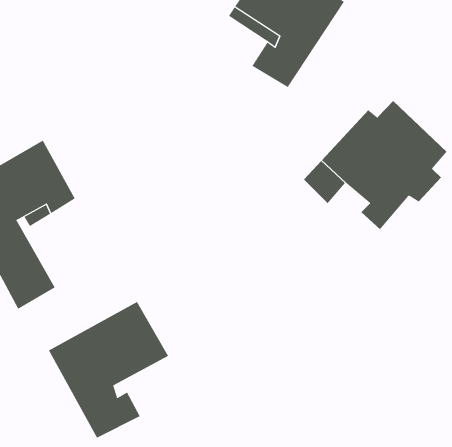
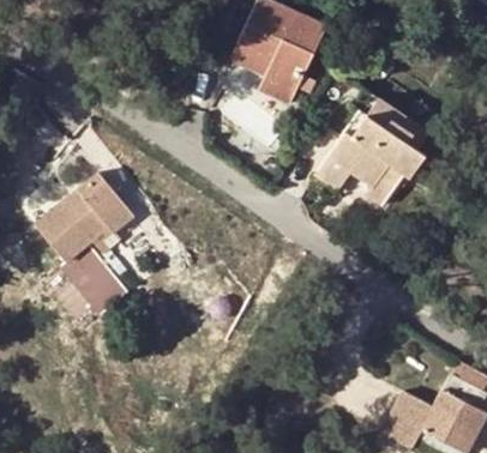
building: [48,301,169,439] -> none

